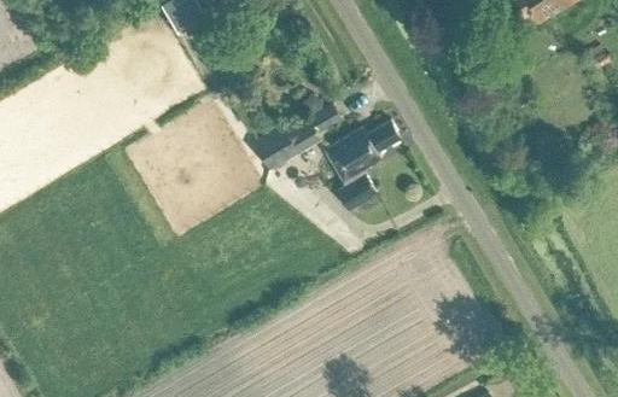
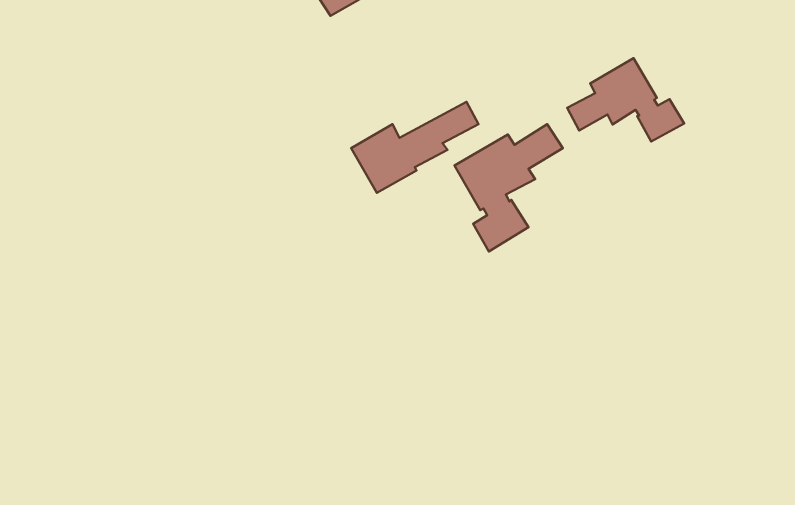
building: none -> [567,58,684,142]

